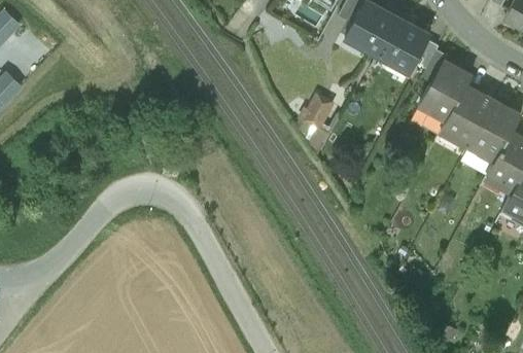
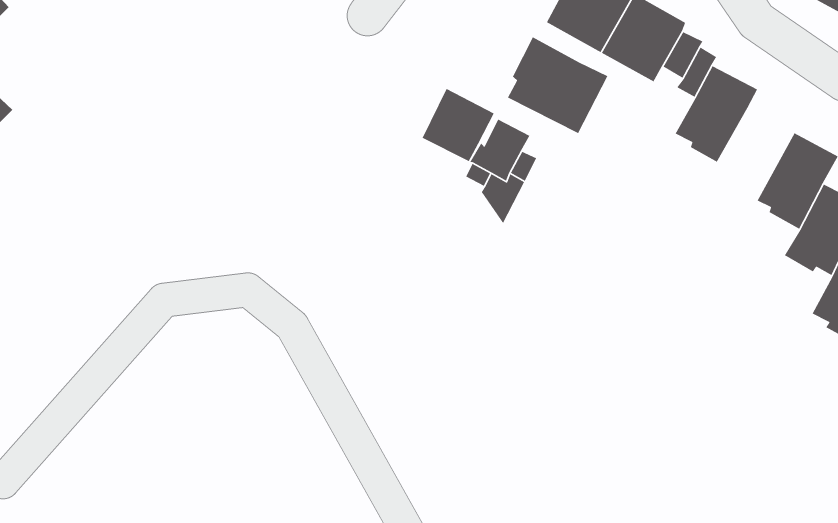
building: none -> [507,36,609,134]
building: none -> [421,88,495,162]
building: [441,87,492,143] -> none

